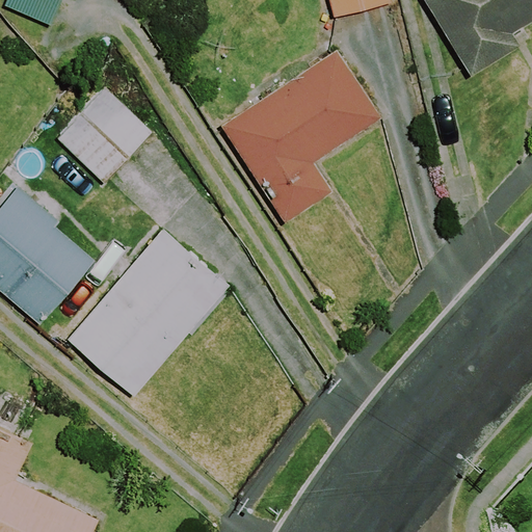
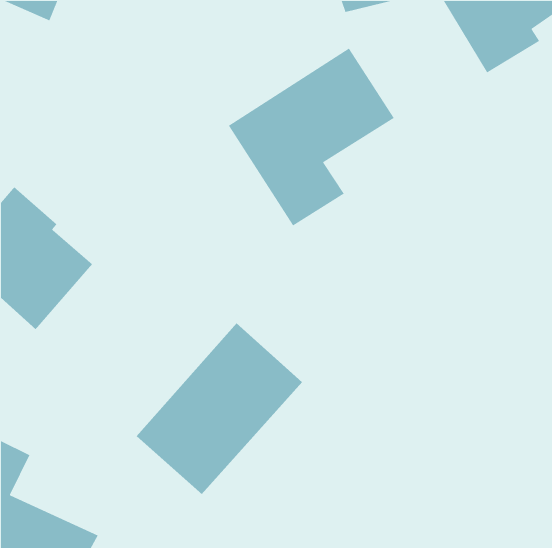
building: [55,87,151,183] -> none
building: [68,230,228,395] -> [136,323,303,495]

